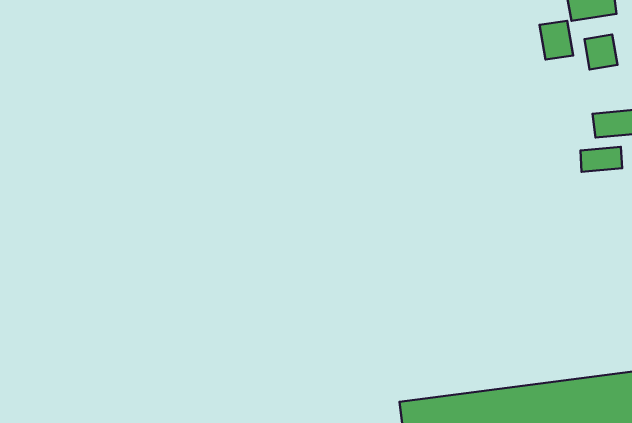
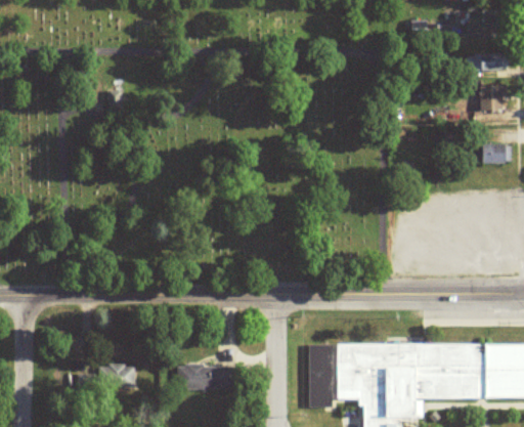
building: [540,21,573,59] -> none
building: [580,147,622,172] -> none

